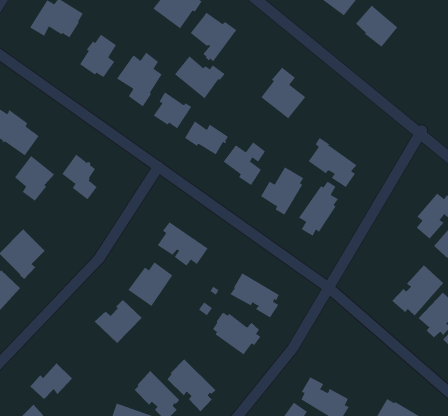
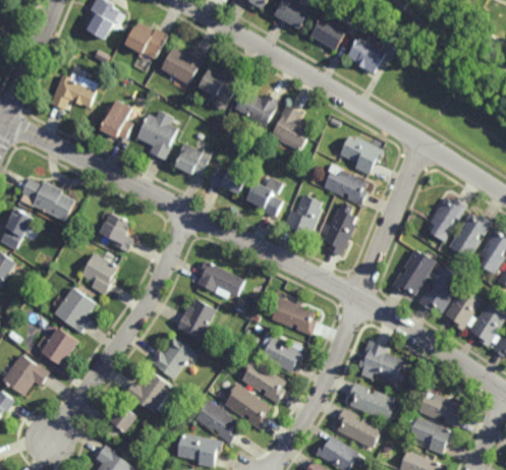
building: [174,55,225,99] -> [232,87,279,125]
building: none -> [338,135,384,175]
building: [14,155,55,201] -> [80,252,117,294]
building: none -> [391,249,436,295]
building: none -> [123,371,173,414]
building: none -> [356,341,402,380]
building: none -> [240,359,285,404]

